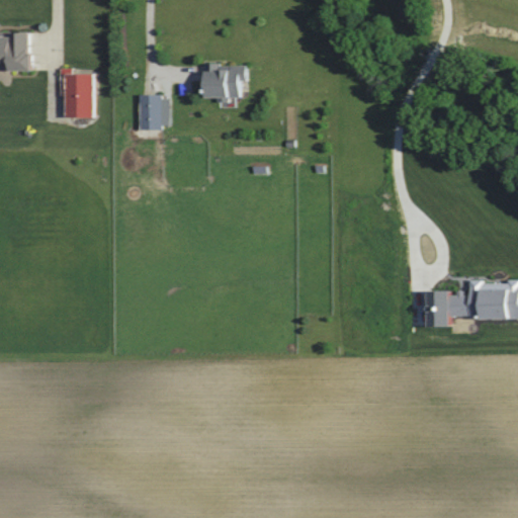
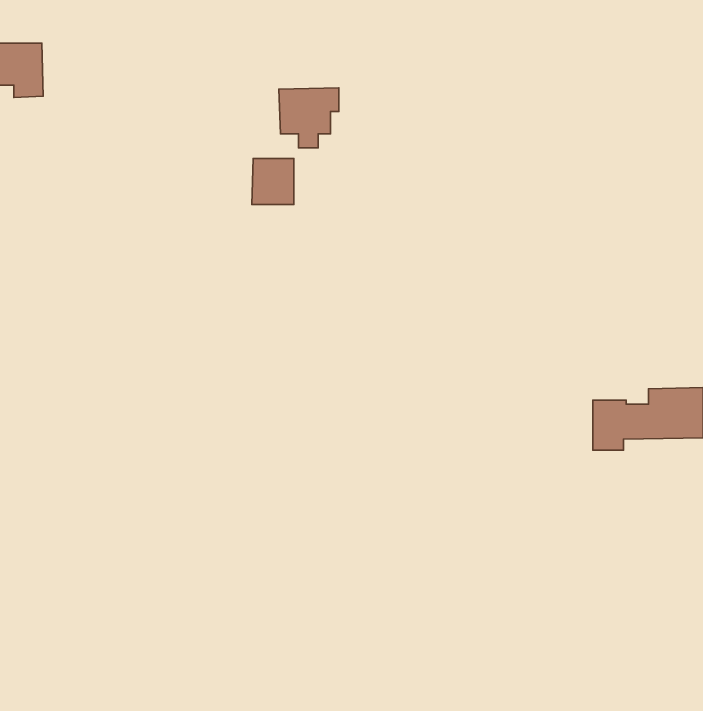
building: [59,69,94,118] -> none
building: [138,96,168,130] -> [252,158,294,204]

